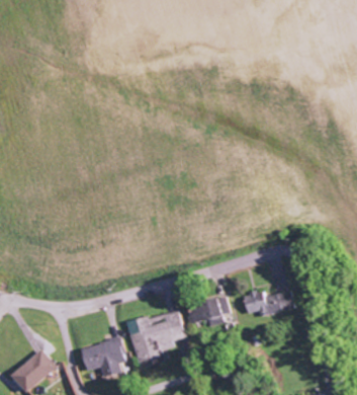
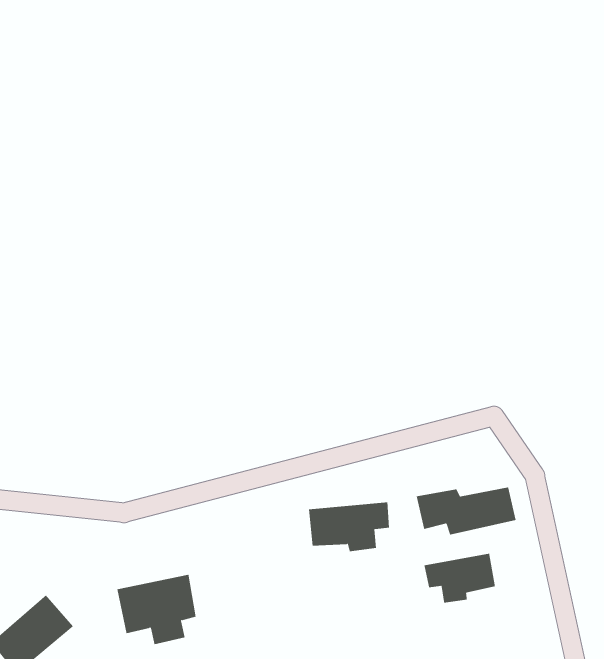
building: [125,311,183,368] -> none
building: none -> [424,553,495,603]

